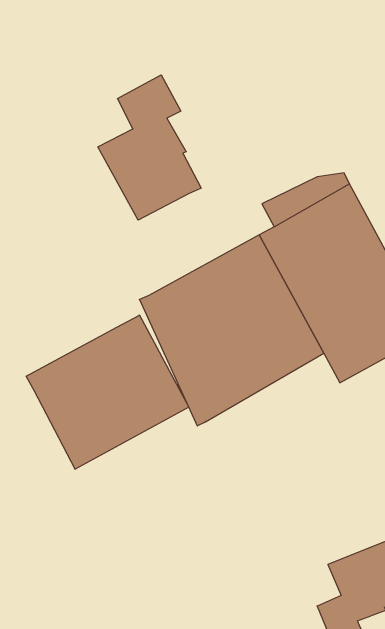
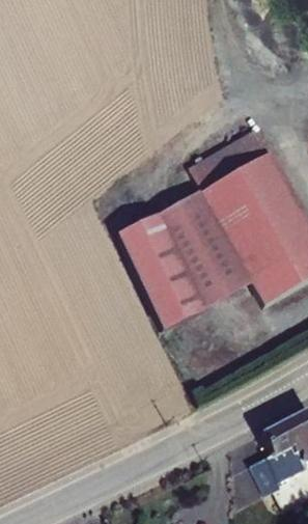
building: [98,75,201,220] -> none
building: [26,315,189,469] -> none

